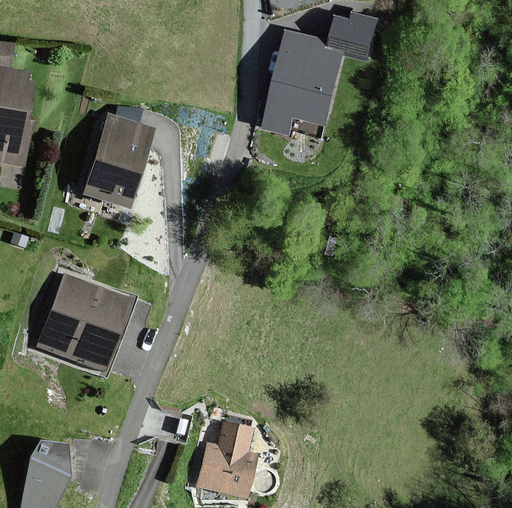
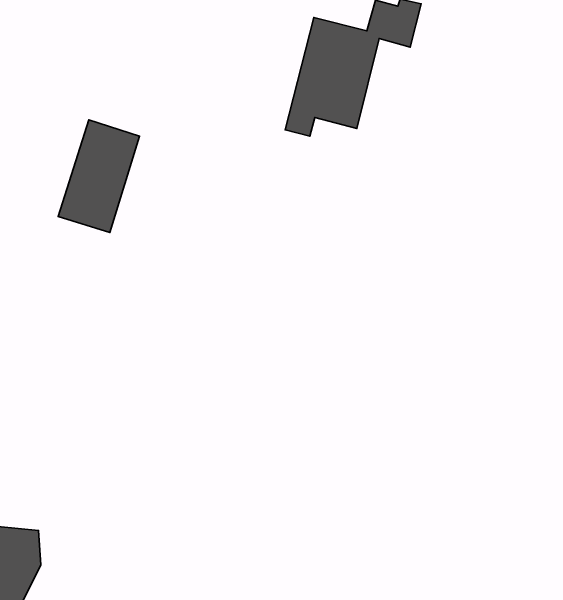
building: [42,278,129,366] -> none
building: [197,424,253,496] -> none

